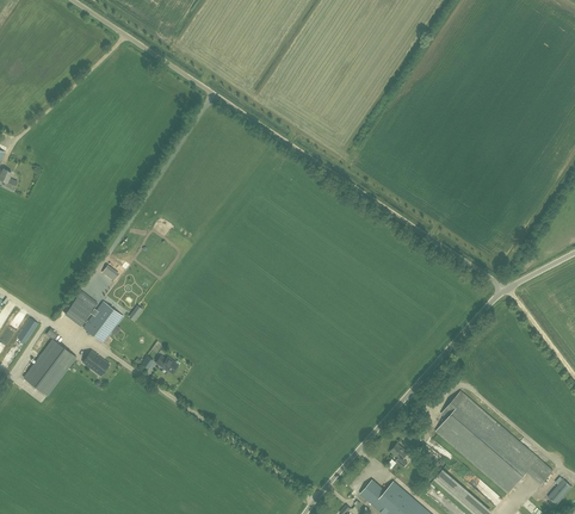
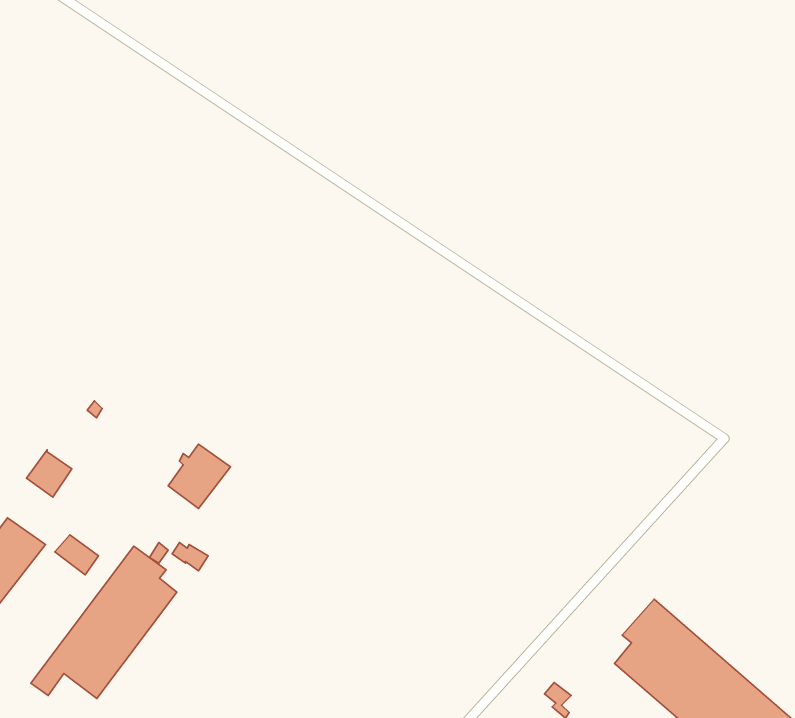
building: [84,301,123,341] -> [168,444,231,508]
building: none -> [31,546,177,699]

